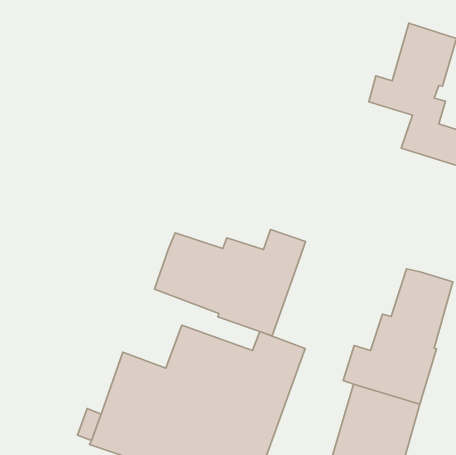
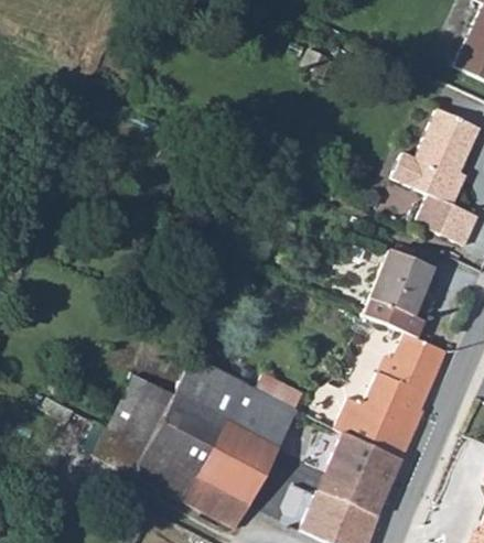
building: none -> [362,249,431,337]
building: [154,229,305,336] -> none

